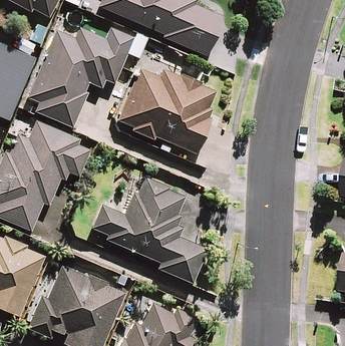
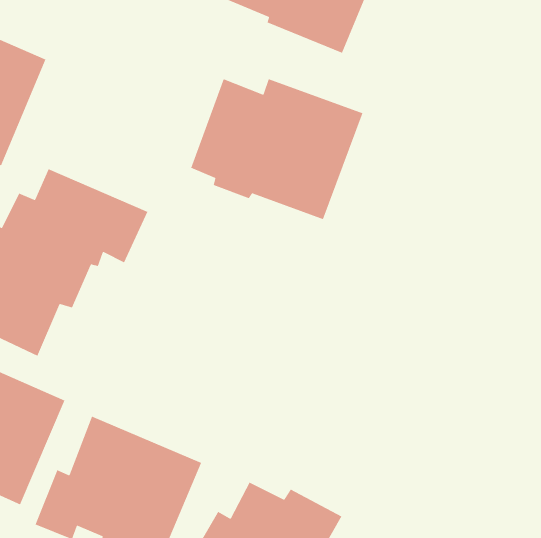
building: [28,27,132,125] -> none
building: [89,176,206,282] -> none

